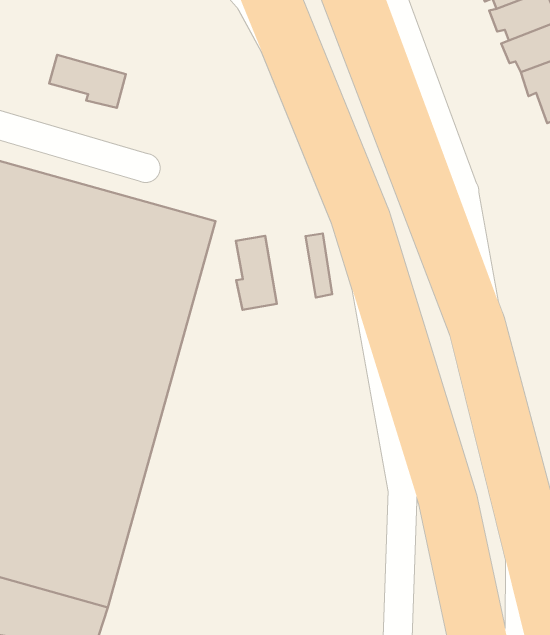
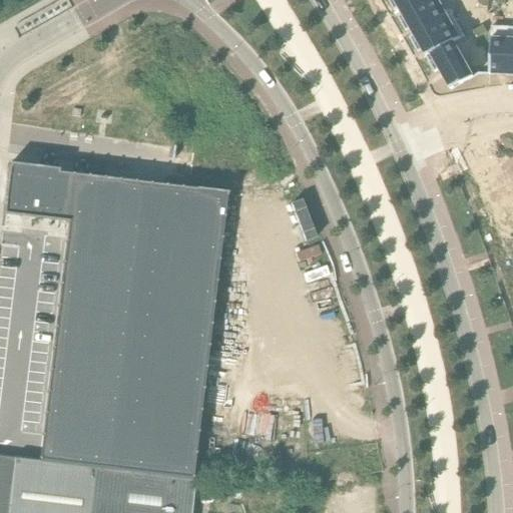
building: [49,55,126,108] -> none
building: [236,236,277,310] -> none

